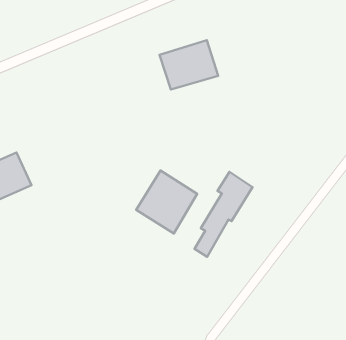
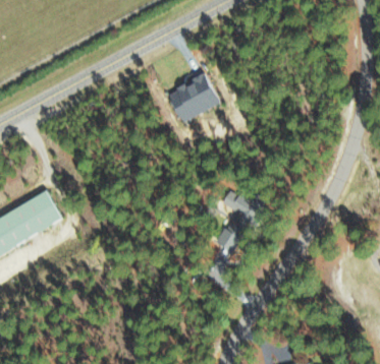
building: [136,171,197,233] -> none

